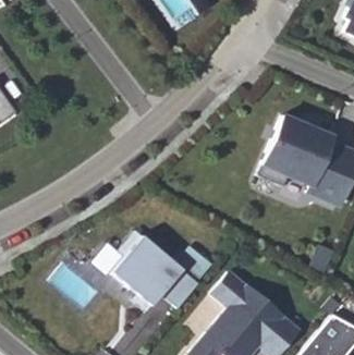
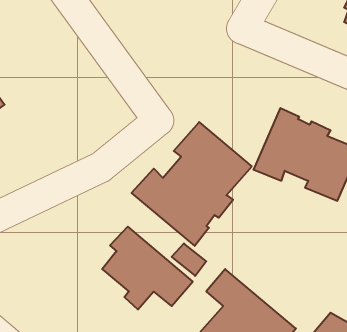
building: none -> [132,122,252,246]

